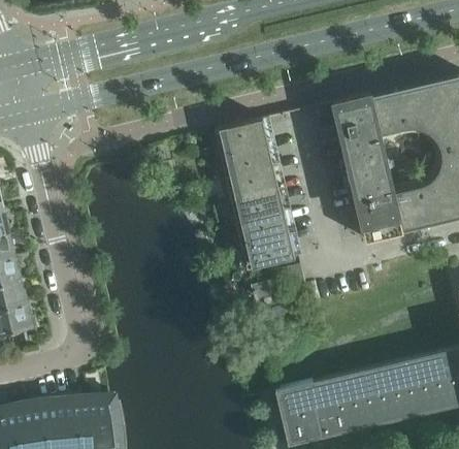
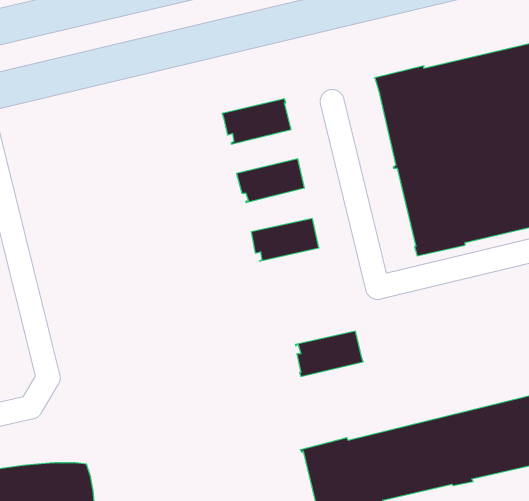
building: [221,145,272,179] -> none
building: [232,190,284,224] -> none
building: [242,236,295,271] -> [296,331,363,376]

